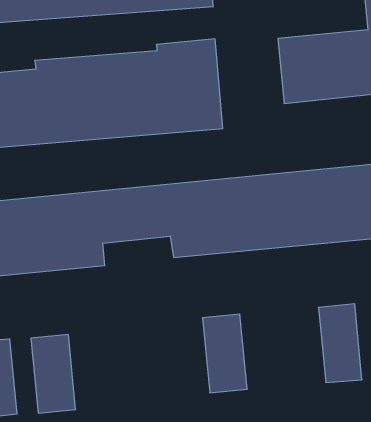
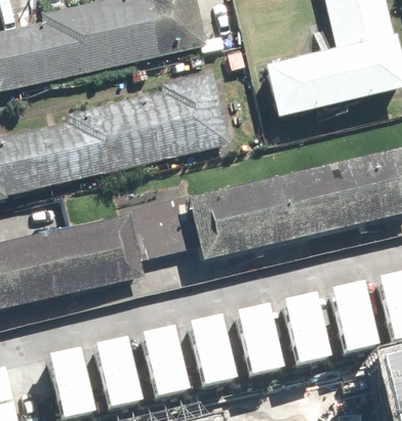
building: none -> [282,290,326,360]
building: none -> [188,313,232,383]
building: none -> [140,325,186,393]

